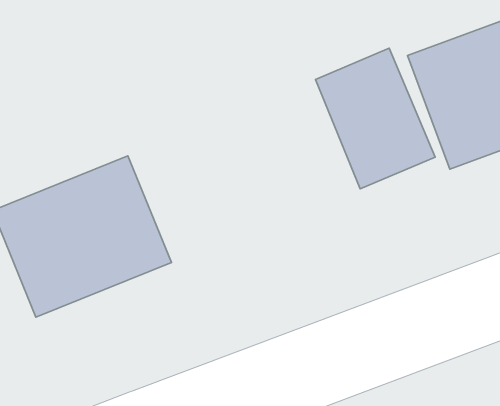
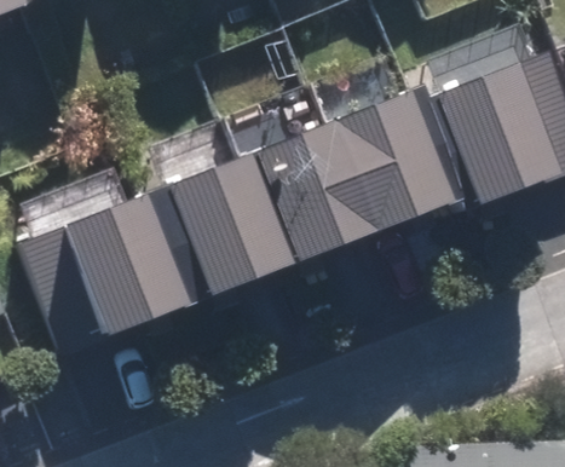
building: none -> [267,114,390,254]
building: none -> [157,148,304,296]

